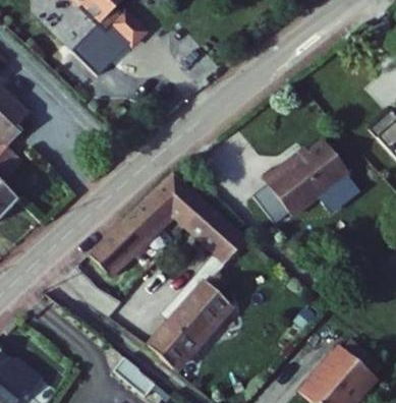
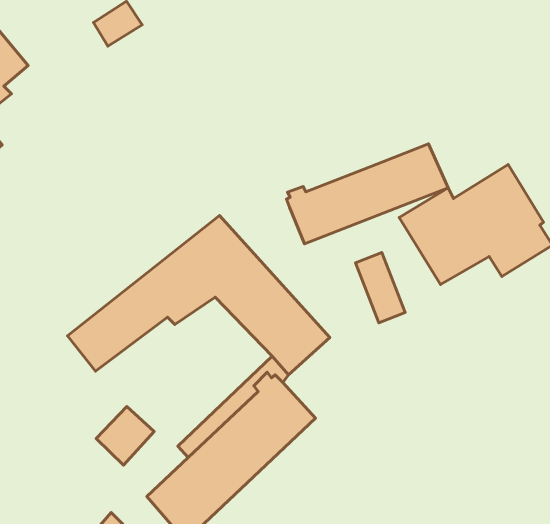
building: none -> [287,144,448,244]

